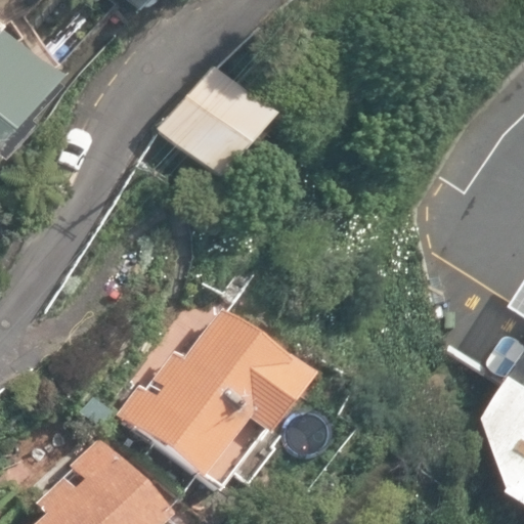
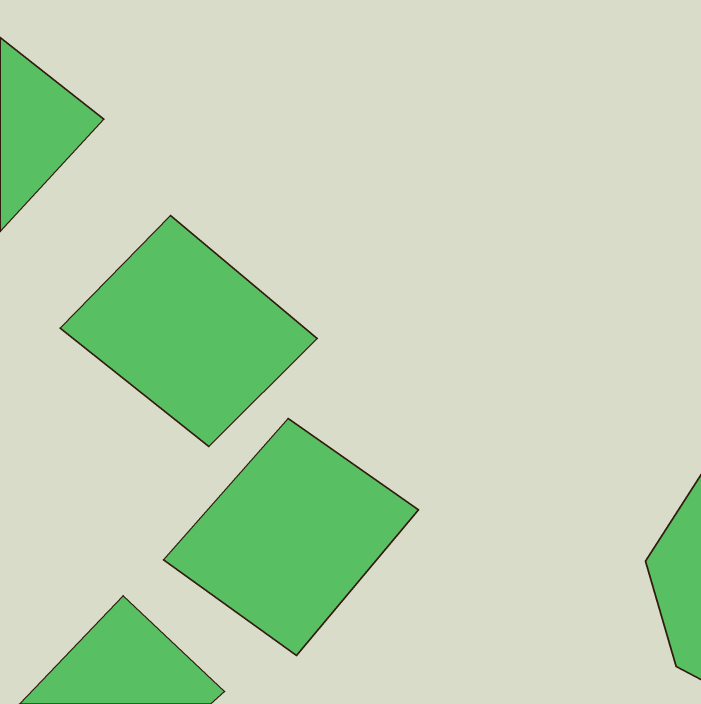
building: [165,71,271,179] -> none
building: none -> [60,216,317,447]

